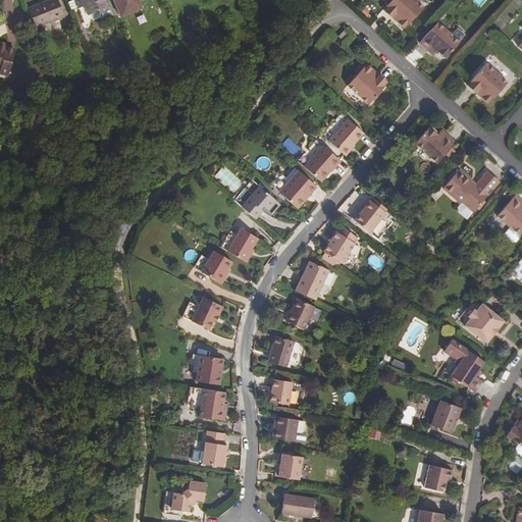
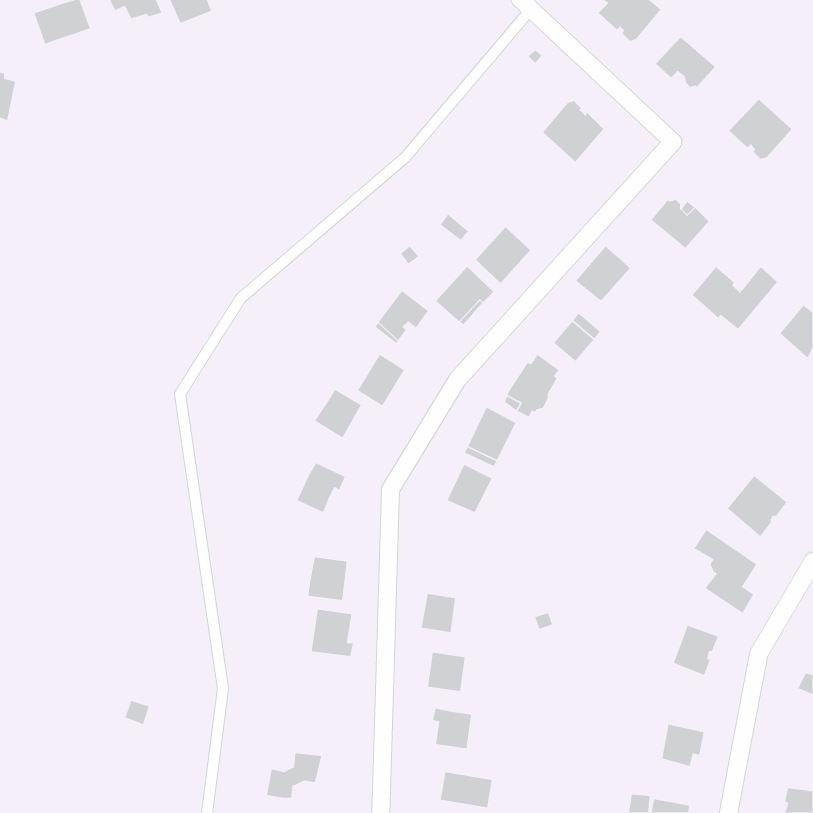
building: [328,118,364,154] -> [575,246,631,301]
building: [268,335,294,366] -> none
building: [201,431,226,467] -> none

